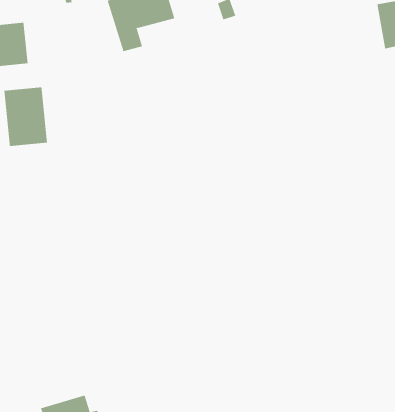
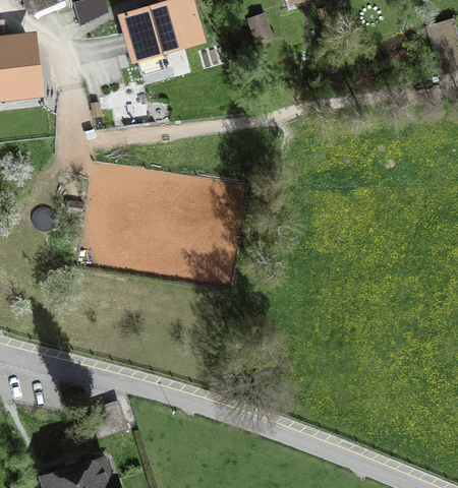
building: [4,87,48,147] -> none

